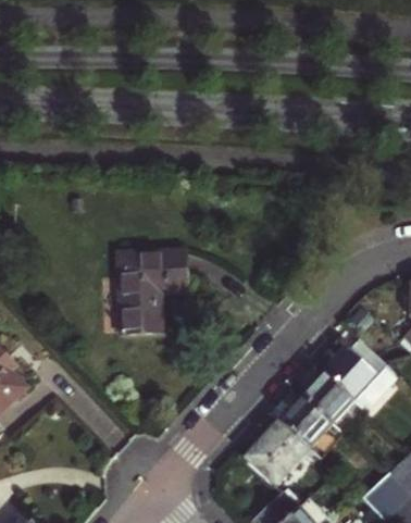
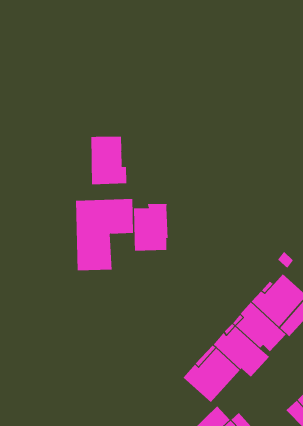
building: none -> [91,136,127,185]
building: none -> [134,203,168,251]

